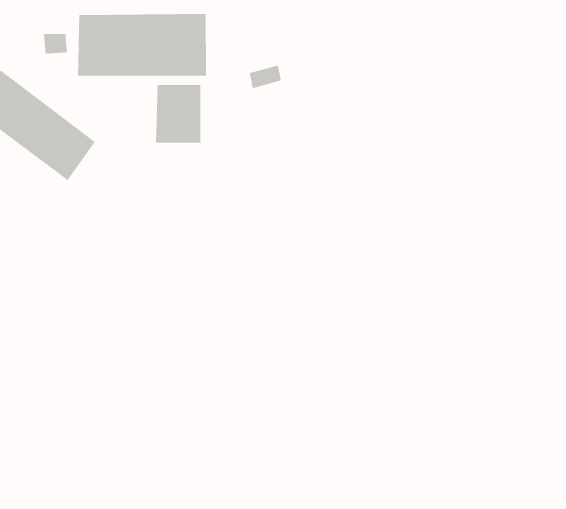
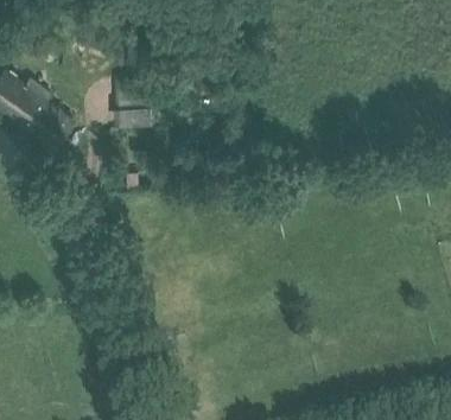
building: [77,13,207,76] -> none

